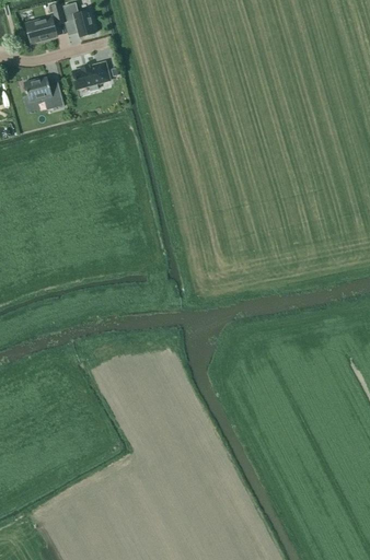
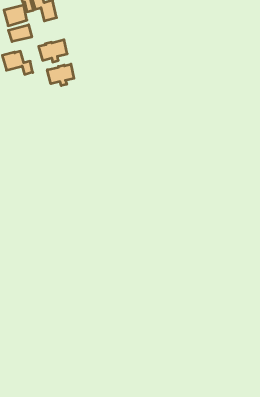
building: none -> [8,25,32,42]
building: none -> [47,64,74,86]

